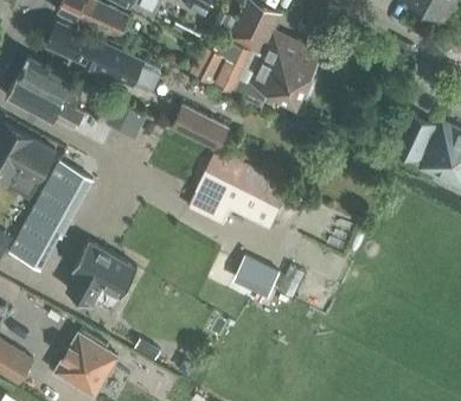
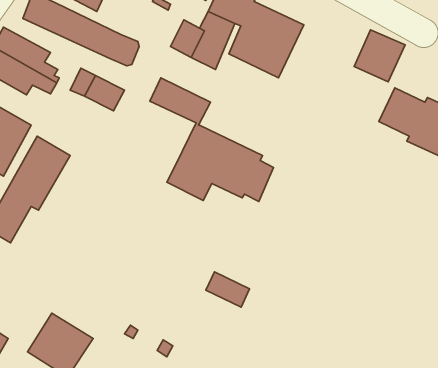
building: none -> [354,30,405,82]
building: [66,242,136,305] -> none
building: [236,257,278,292] -> [206,272,250,307]

